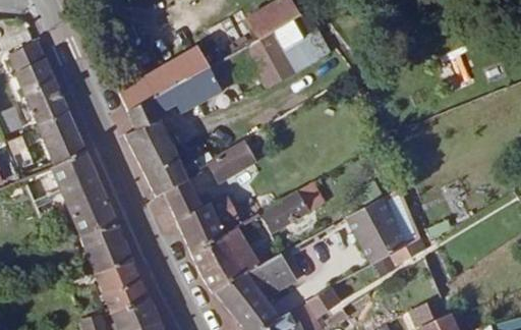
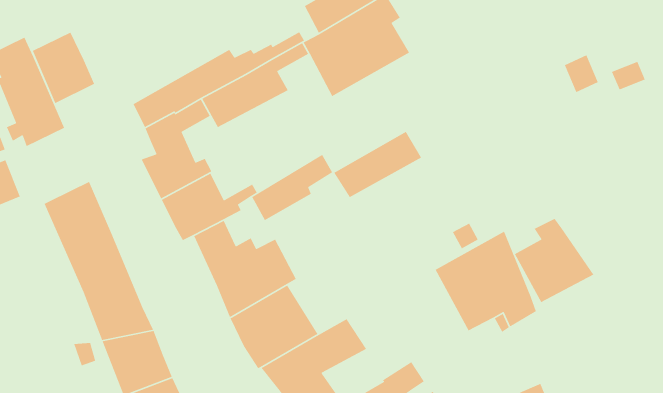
building: [38,112,85,167] -> [32,32,95,104]
building: none -> [514,218,594,303]
building: [257,183,325,234] -> [333,131,422,198]

